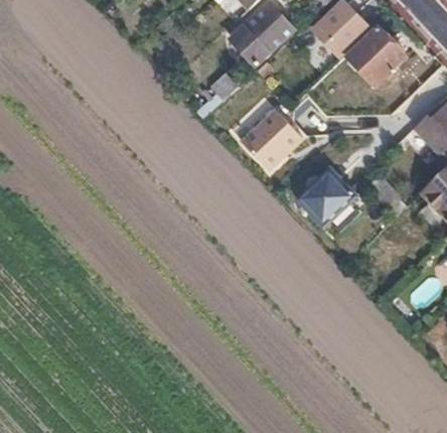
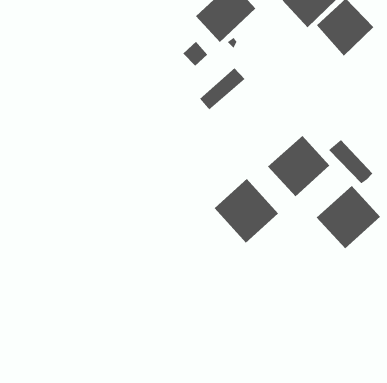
building: [243,110,304,171] -> none
building: none -> [214,178,279,244]
building: none -> [316,185,381,249]

